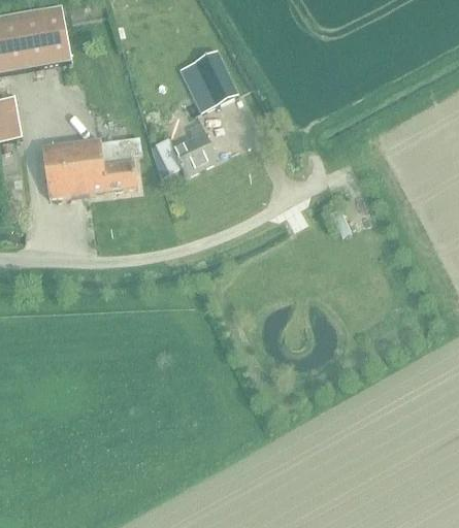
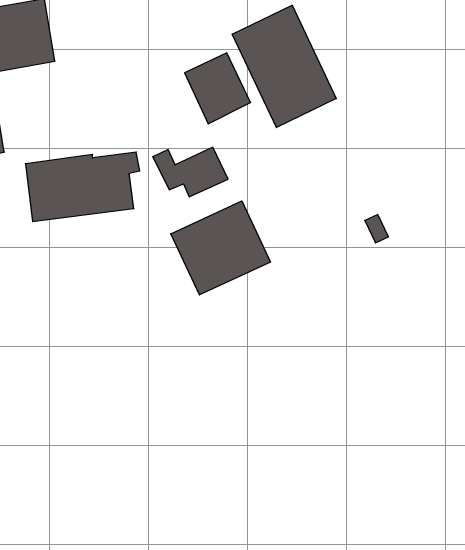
building: none -> [232,5,336,128]
building: none -> [171,201,270,295]

